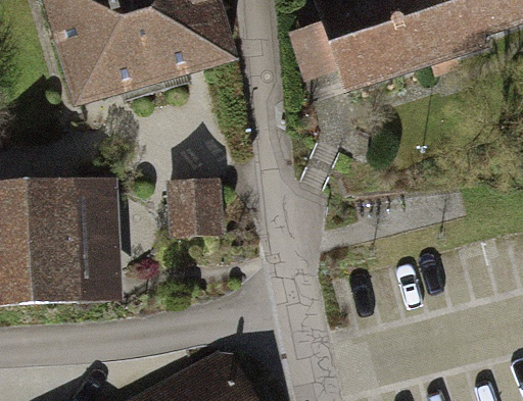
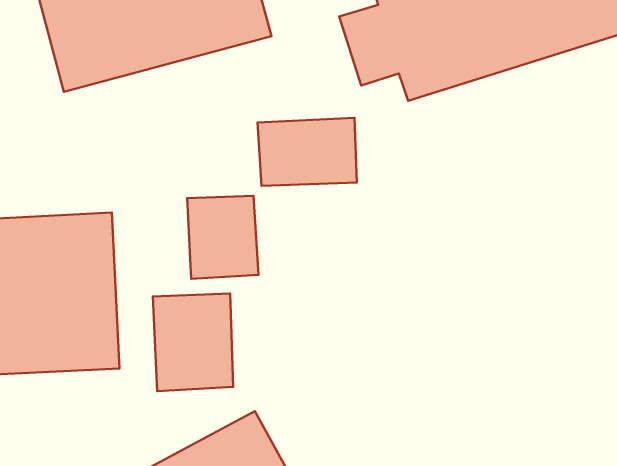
building: none -> [258,118,357,186]
building: none -> [153,294,233,391]

